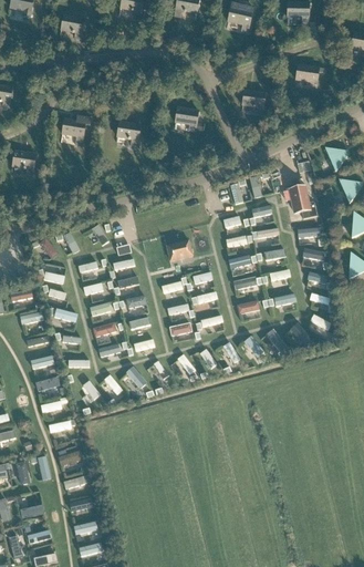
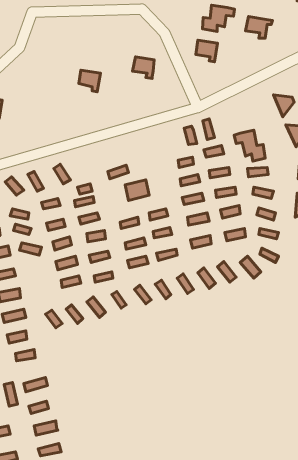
building: none -> [203,5,235,31]
building: [62,115,92,147] -> none

